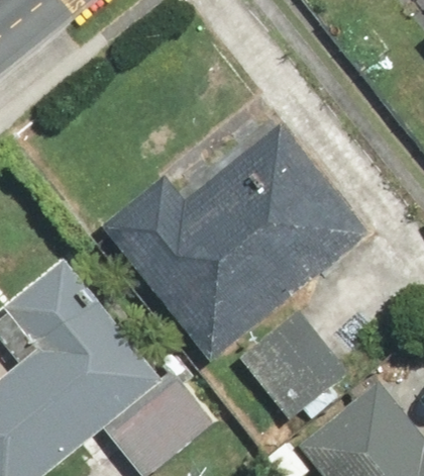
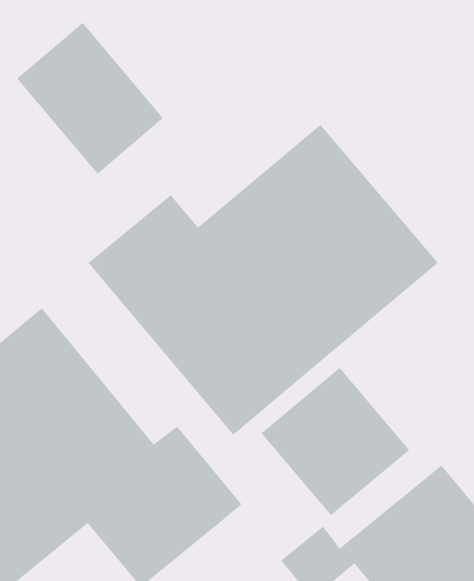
building: none -> [16,22,164,175]

